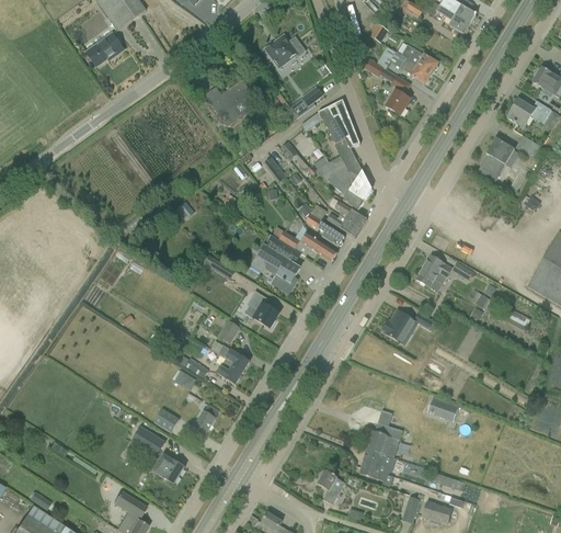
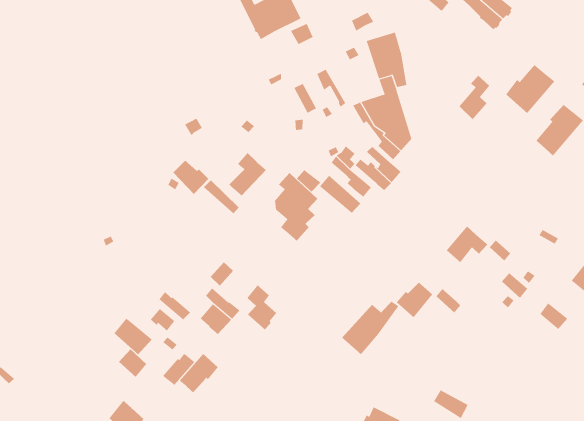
building: [386,76,410,115] -> [459,75,490,120]
building: none -> [505,64,555,114]
building: none -> [228,152,267,197]
building: none -> [173,160,209,195]
building: [249,290,277,328] -> [246,284,277,331]
building: none -> [341,301,399,355]
building: none -> [179,353,218,393]
building: [133,421,167,452] -> [114,317,152,355]

